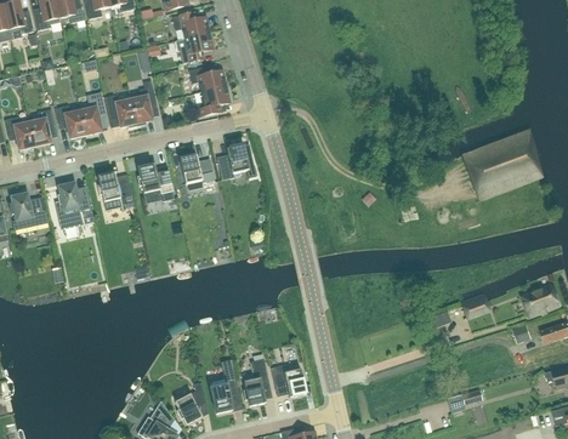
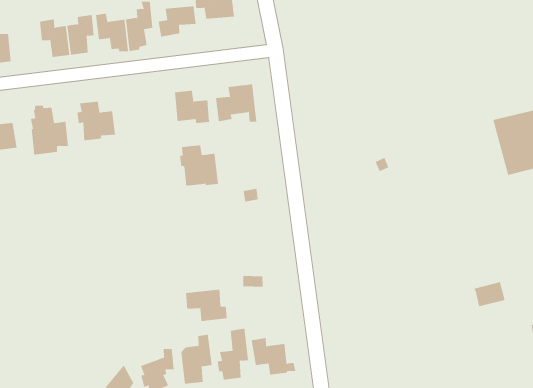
building: [195,86,229,116] -> [158,6,196,37]
building: [29,108,55,146] -> none
building: [136,164,174,201] -> [179,145,219,186]
building: none -> [186,289,227,322]

